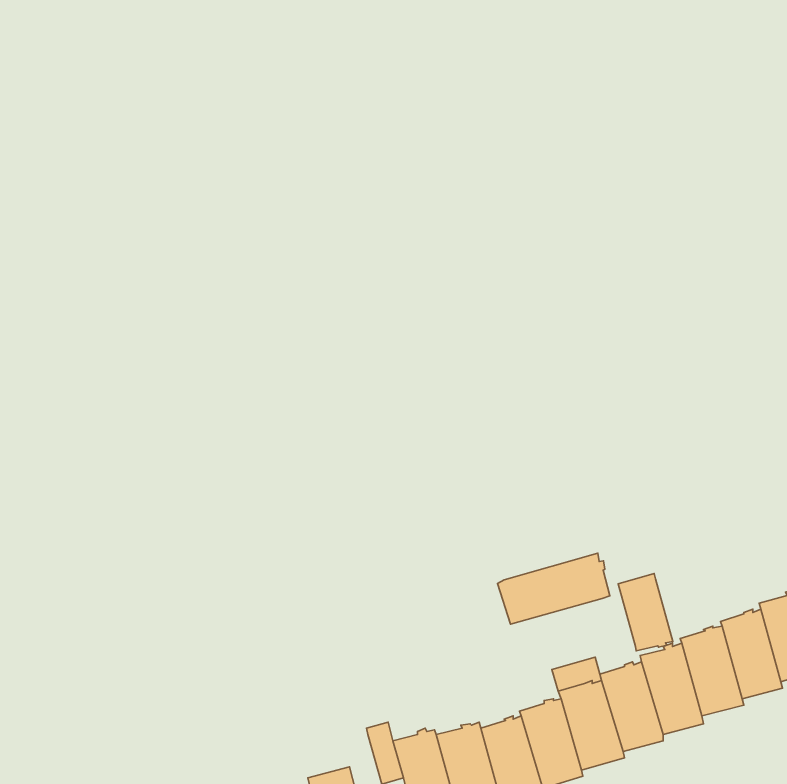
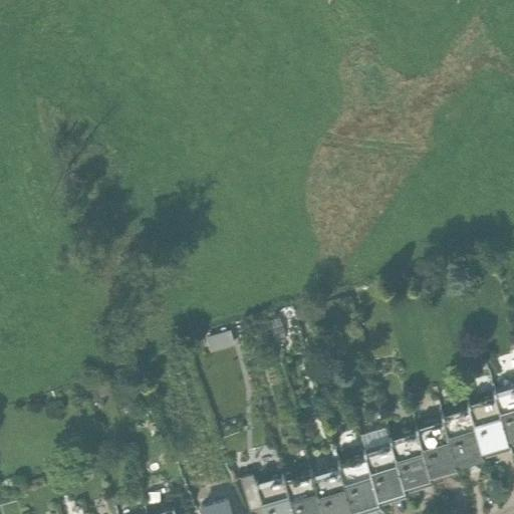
building: [497,553,610,624] -> none
building: [618,574,673,651] -> none

